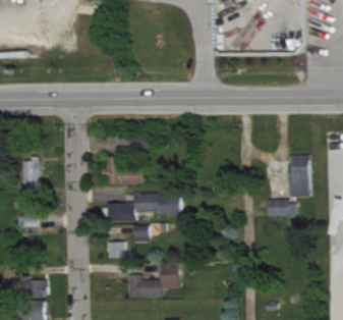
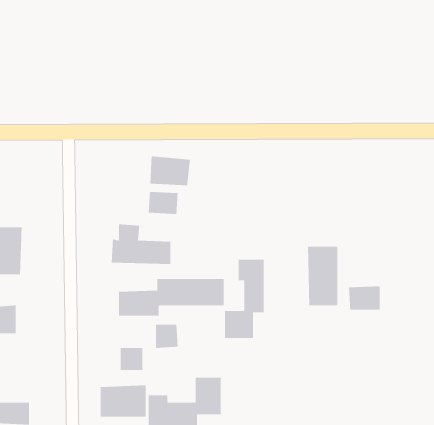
building: none -> [150,156,191,186]
building: [287,155,308,197] -> [307,246,338,306]
building: none -> [224,259,264,339]
building: none -> [100,385,147,418]

